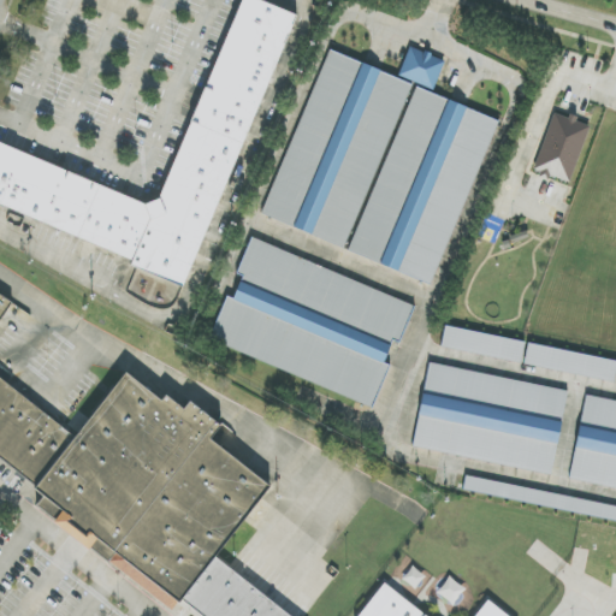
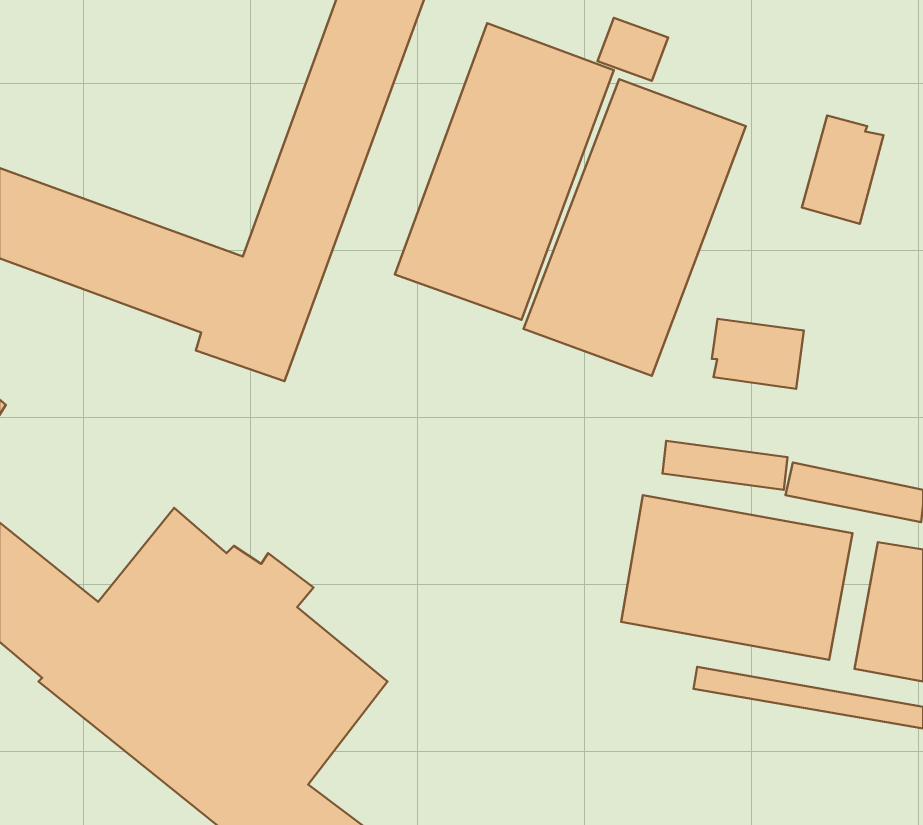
building: [208,242,415,403] -> none
building: none -> [712,319,804,389]

